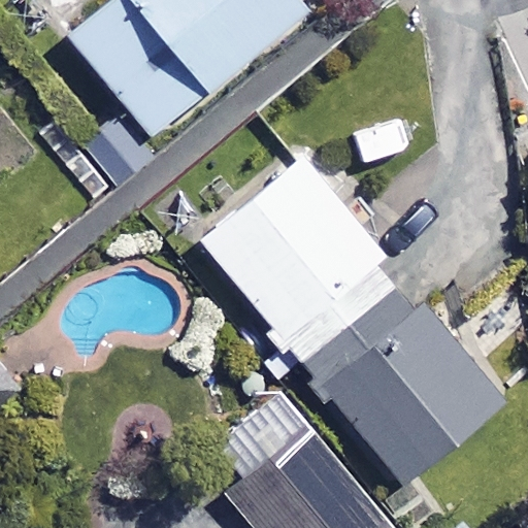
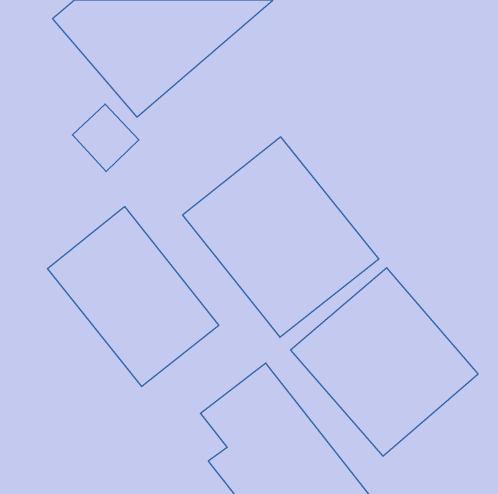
building: none -> [48,207,219,387]

